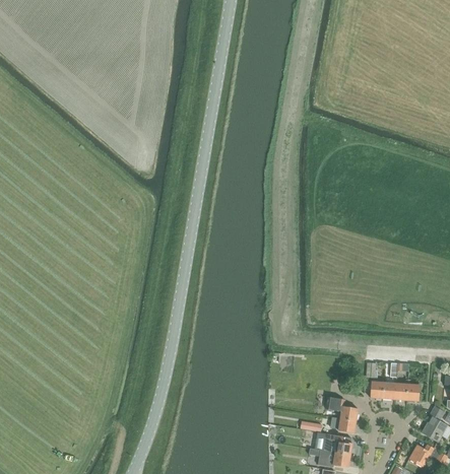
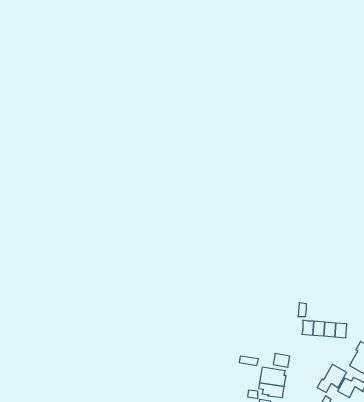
building: [324,397,357,421] -> none
building: none -> [317,364,347,392]

